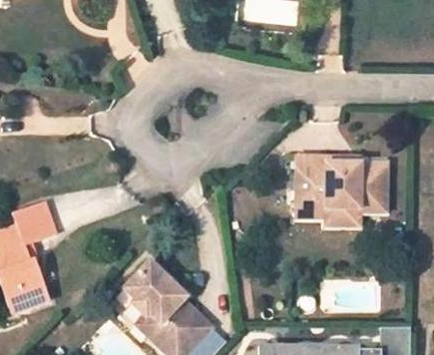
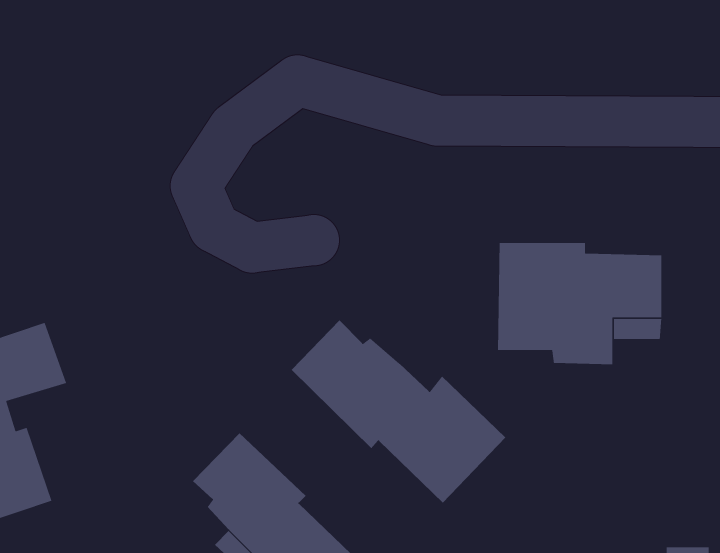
building: none -> [291,320,506,503]

